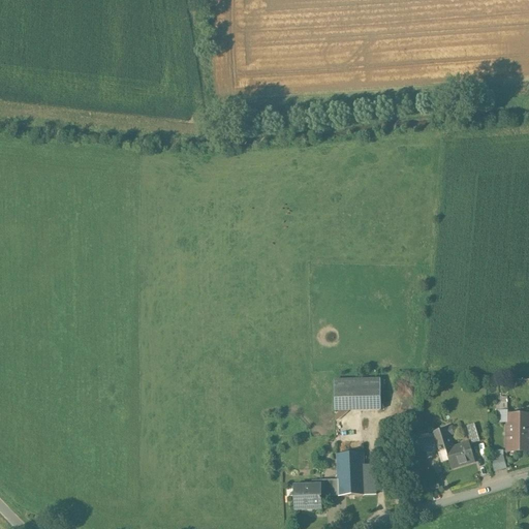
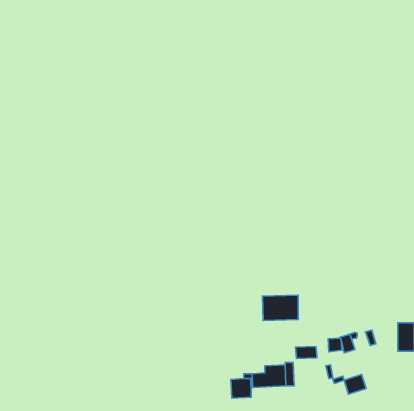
building: [446,441,474,466] -> [344,375,366,394]
building: [337,452,364,467] -> [296,346,317,358]

